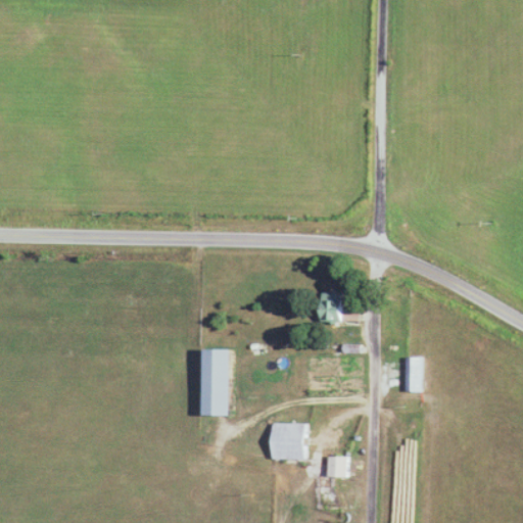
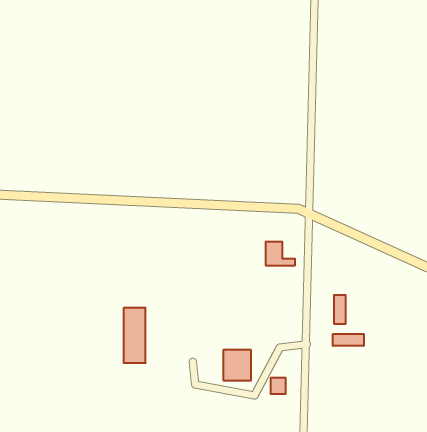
building: [203,348,230,415] -> [124,308,146,363]
building: none -> [333,334,364,346]

